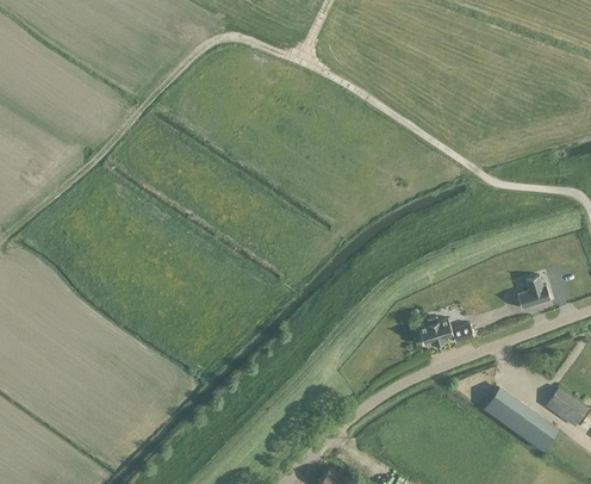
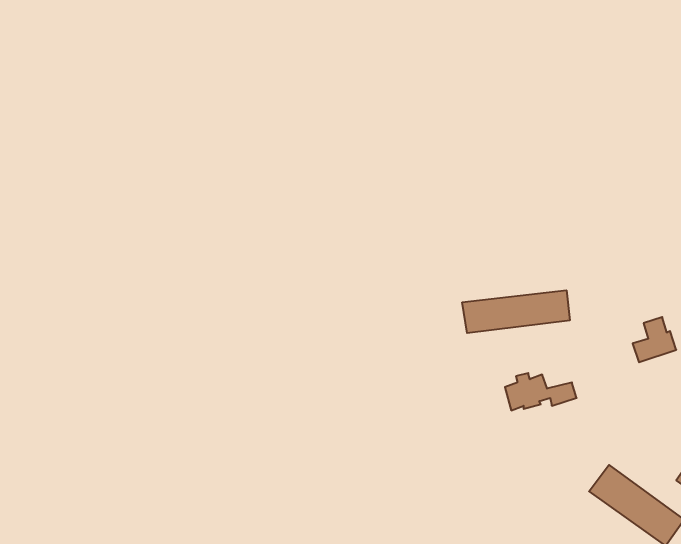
building: none -> [462,290,570,333]

